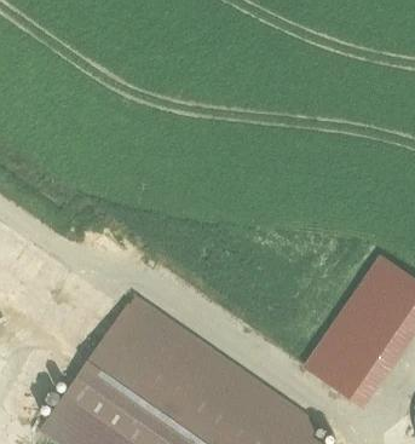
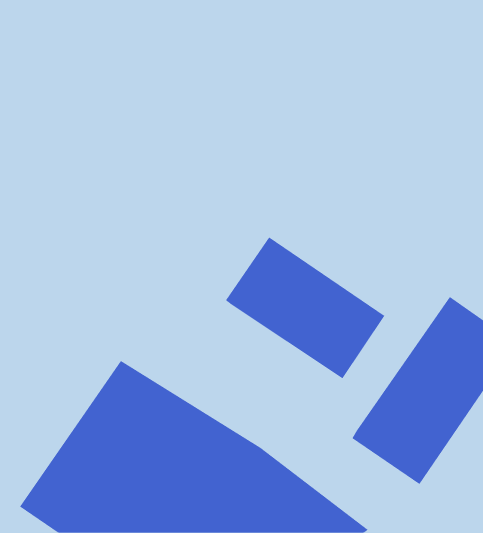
building: none -> [225,236,385,379]

